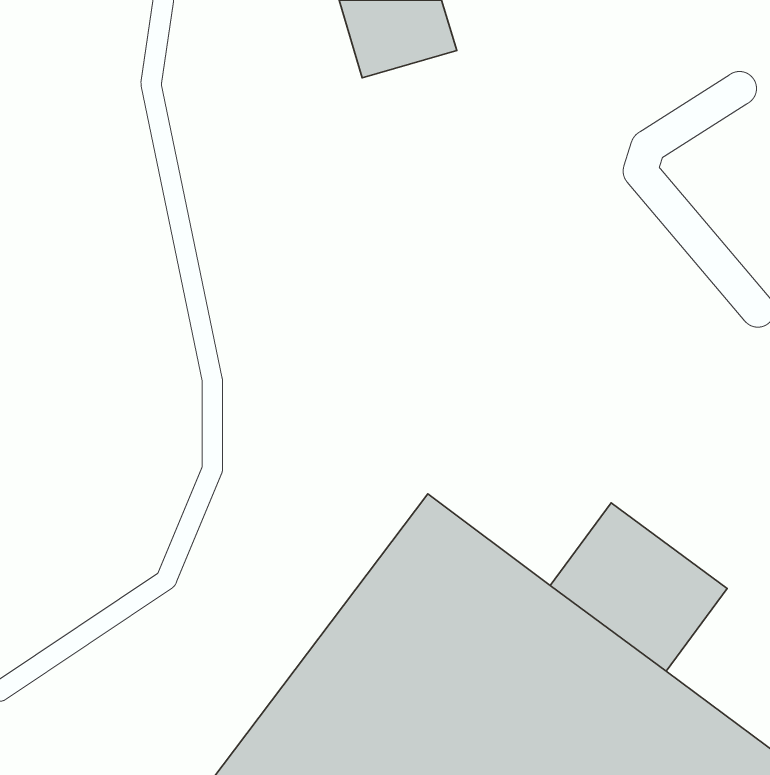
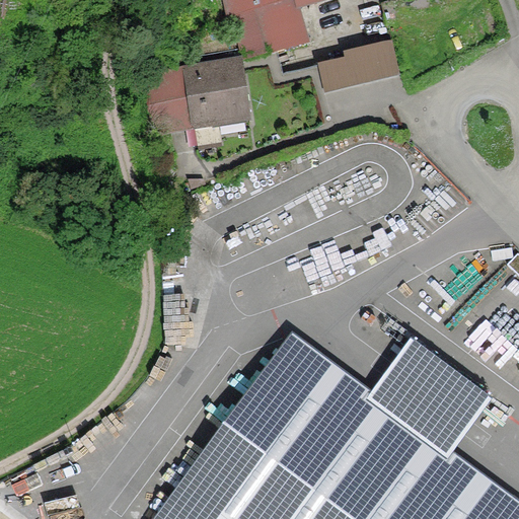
building: none -> [328,42,404,87]
building: none -> [149,61,251,129]

